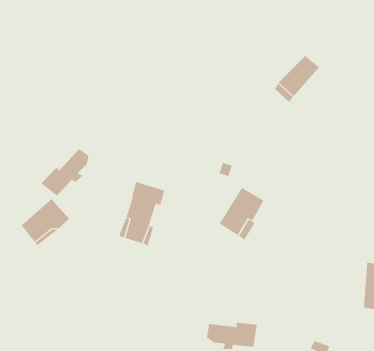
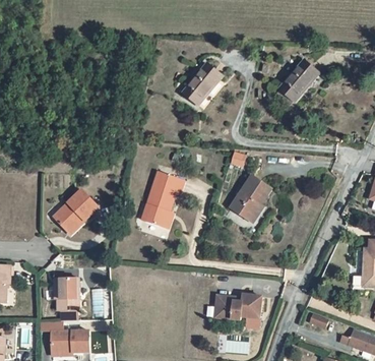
building: none -> [184,64,223,105]
building: [40,148,89,197] -> none
building: none -> [56,274,77,306]

